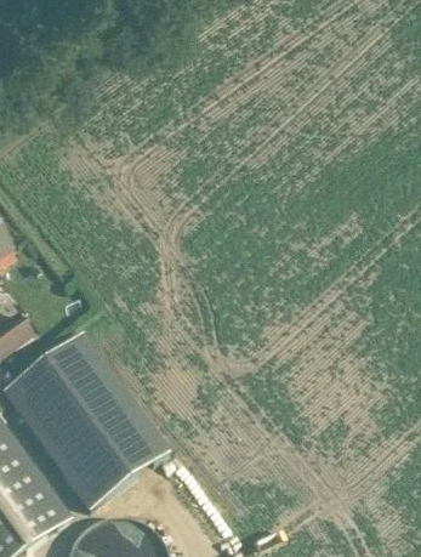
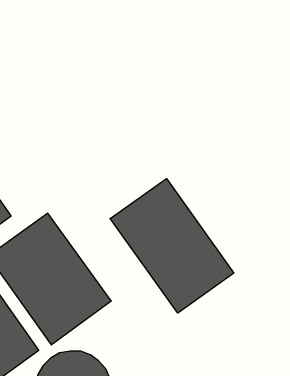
building: none -> [110,179,234,313]

